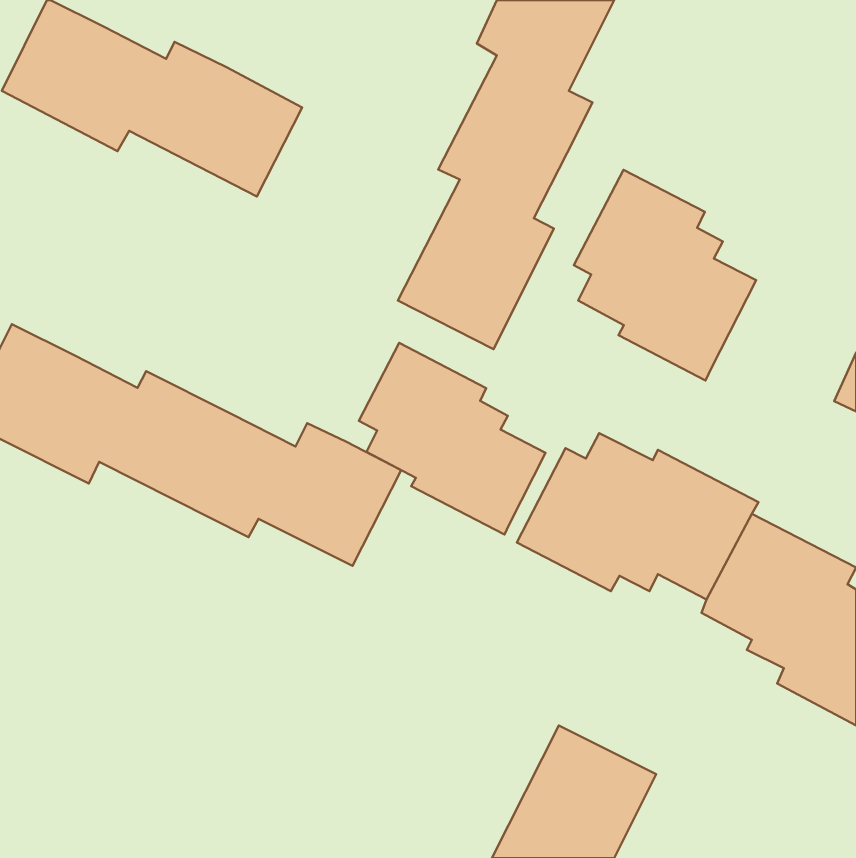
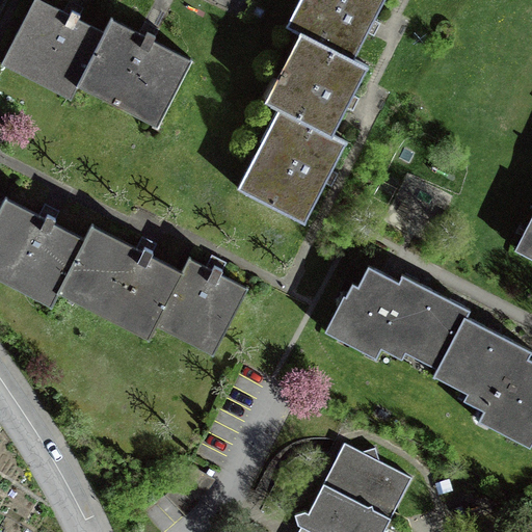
building: [574,170,756,380] -> none
building: [359,343,545,535] -> none

